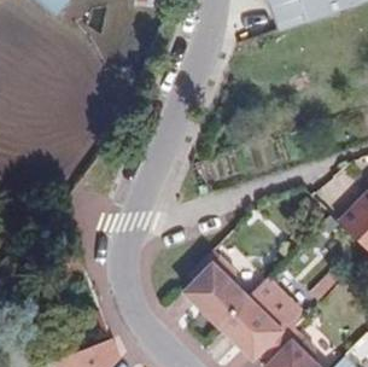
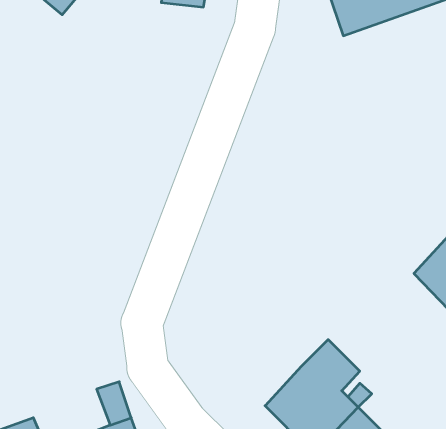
building: [182,252,247,327] -> none

